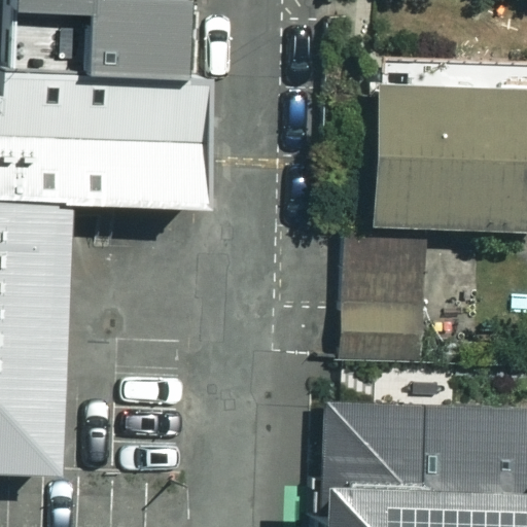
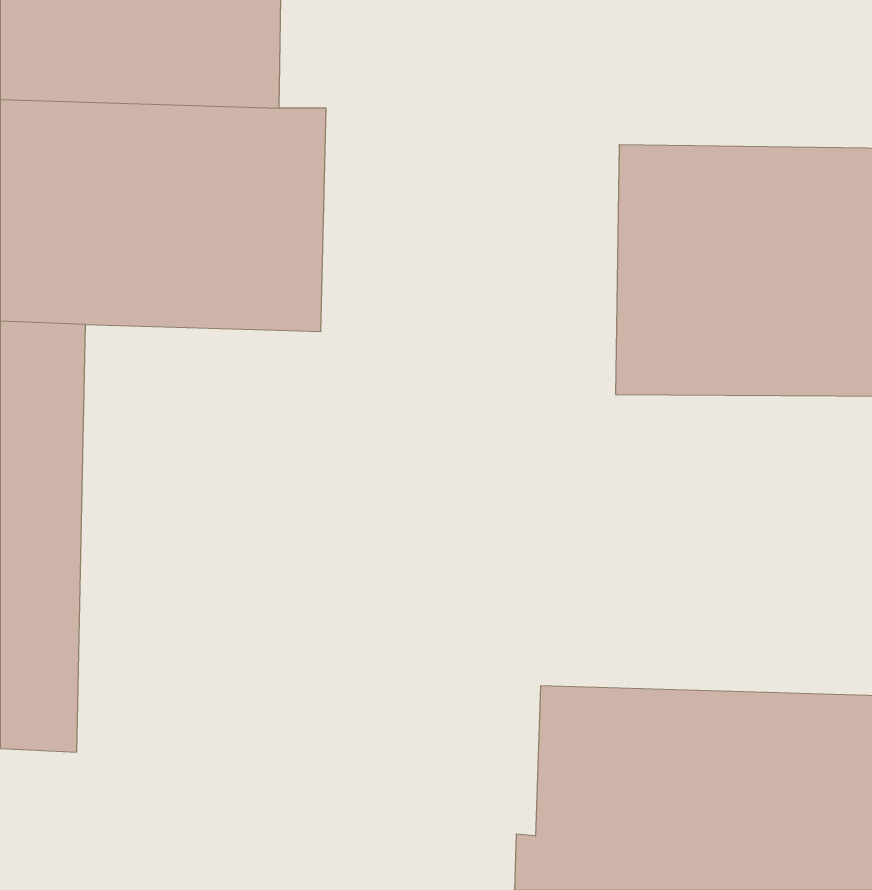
building: [346,234,429,355] -> none

